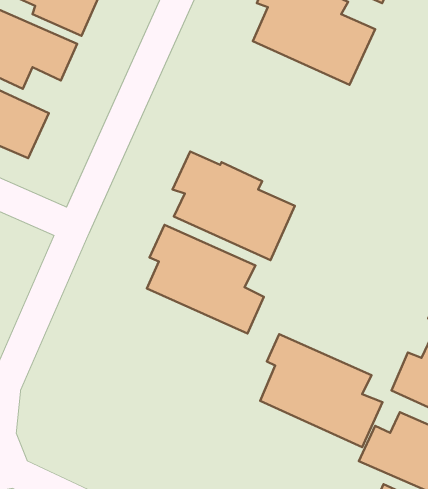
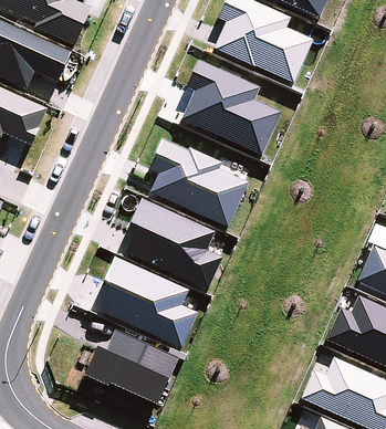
building: none -> [180,61,280,157]
building: [260,334,383,447] -> [97,251,197,343]
building: none -> [83,324,177,398]

